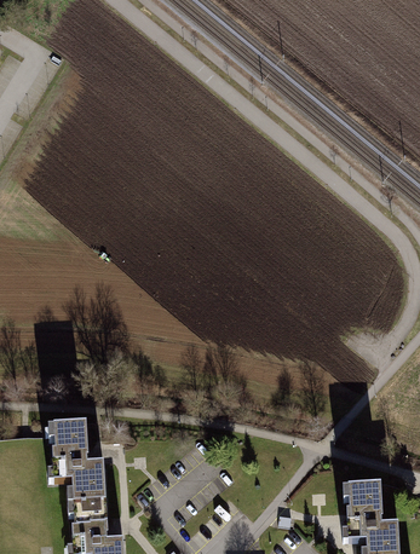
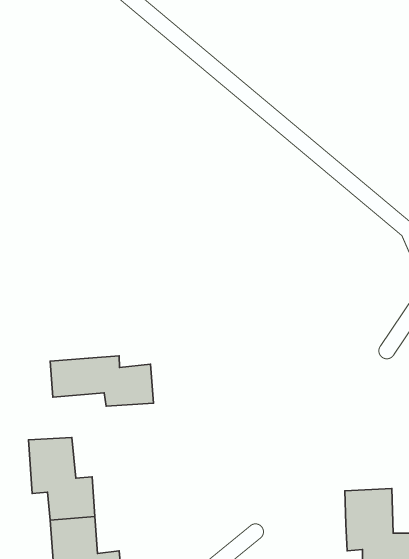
building: none -> [50,356,153,406]

